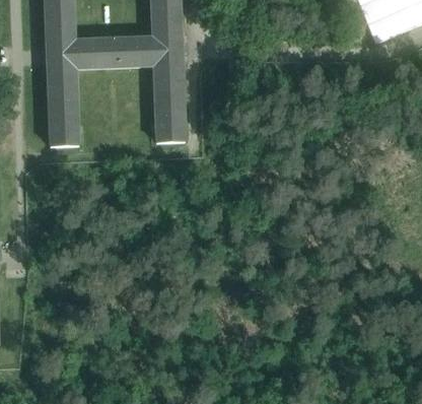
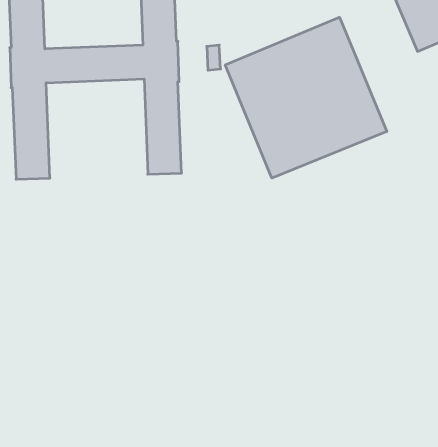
building: none -> [225,17,387,178]

